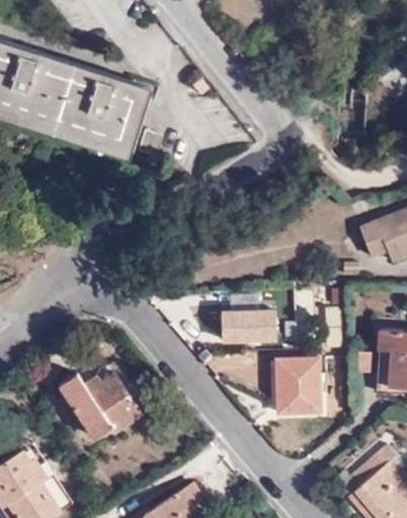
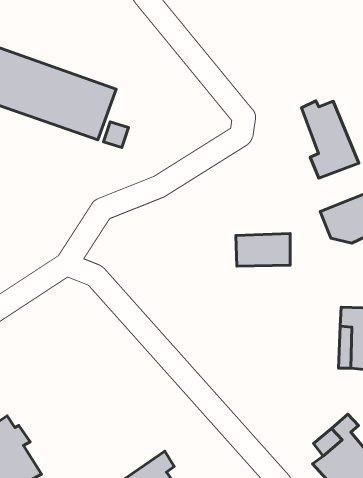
building: none -> [301,101,359,178]
building: [220,312,277,346] -> [236,234,290,266]
building: [278,355,323,411] -> none
building: [60,371,144,435] -> none

